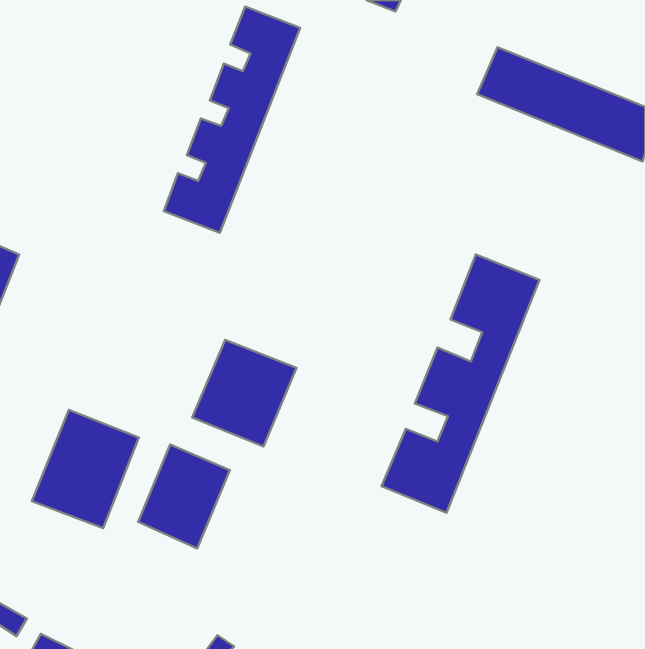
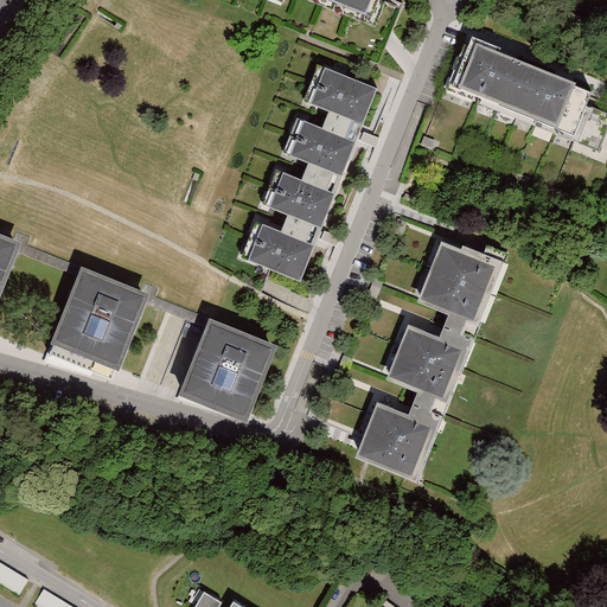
building: [164,6,300,233] -> [248,68,375,279]
building: [32,410,139,528] -> [47,264,147,375]
building: [138,445,230,549] -> none

